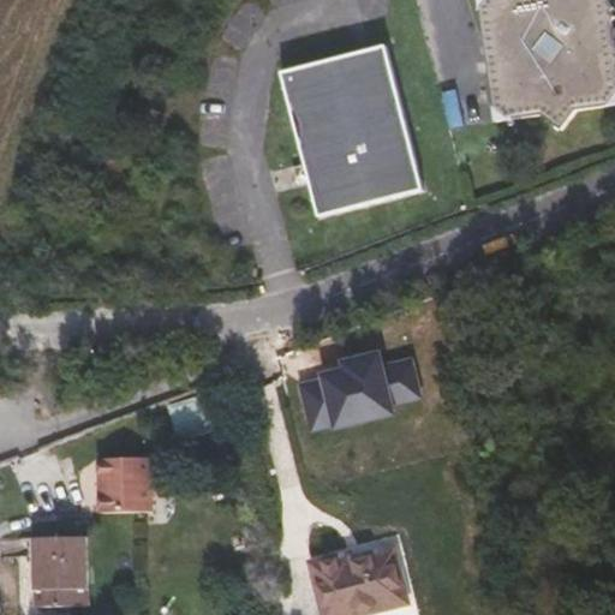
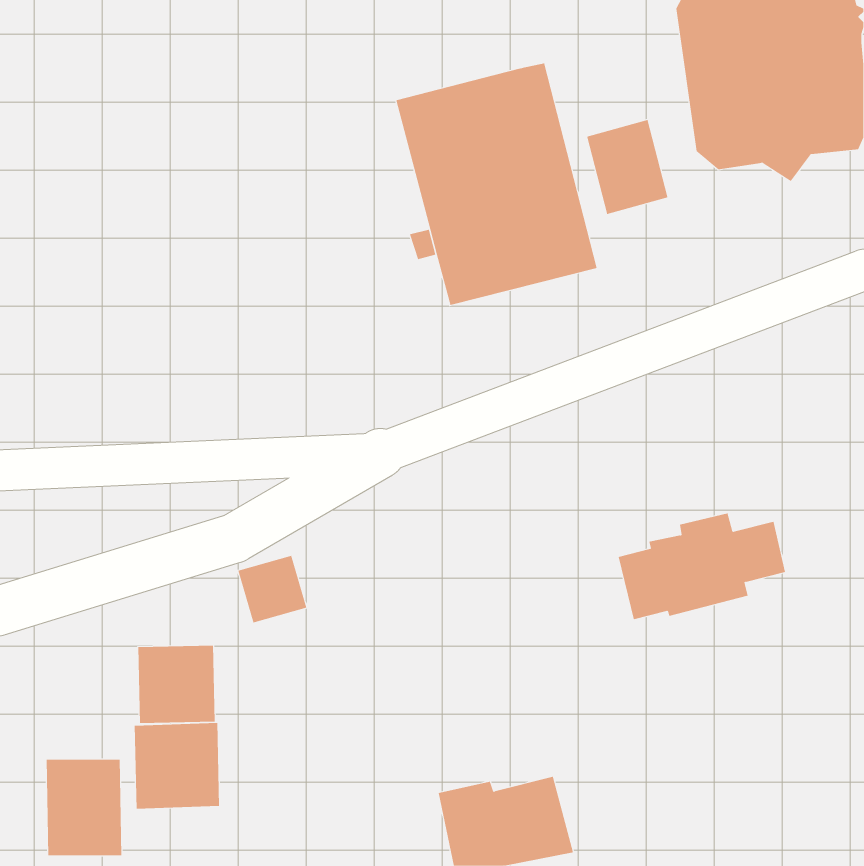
building: none -> [587,119,668,215]
building: [299,352,418,428] -> [618,513,786,620]
building: none -> [134,722,220,809]

